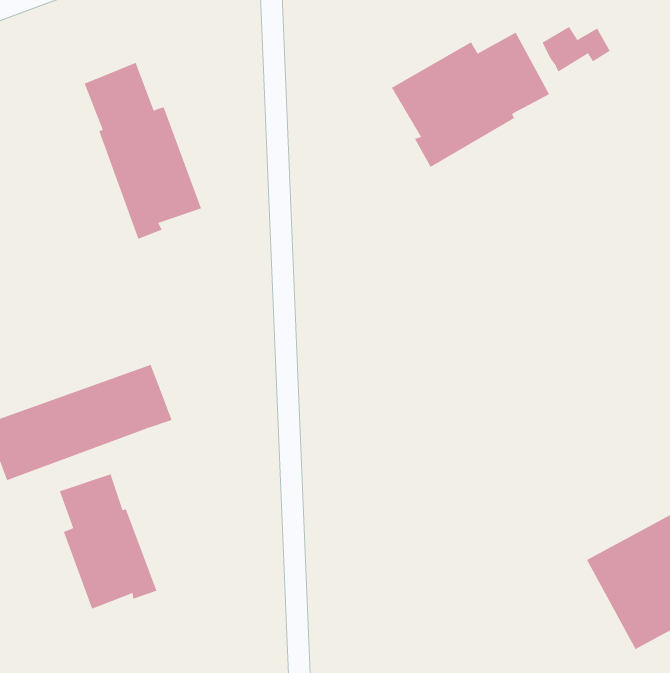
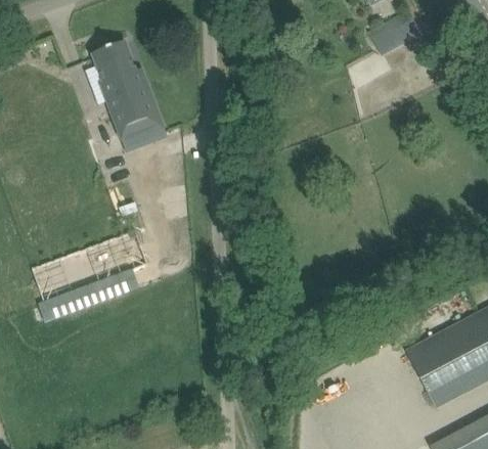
building: [391,32,550,168] -> none
building: [59,474,157,609] -> none

